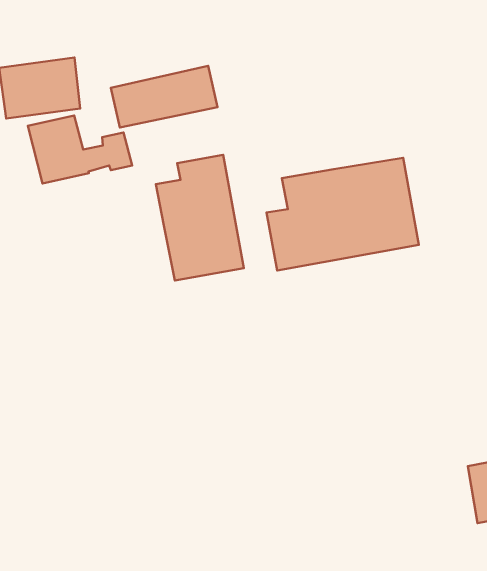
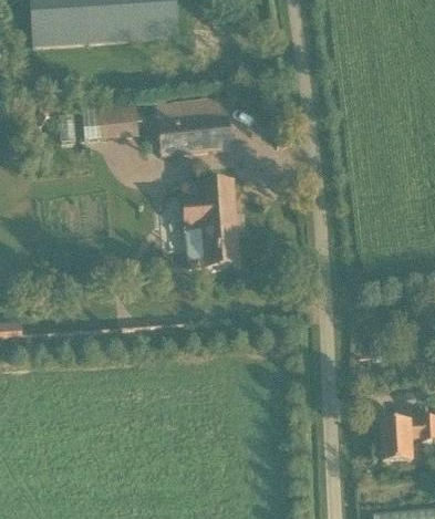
building: [28,115,132,184] -> none
building: [267,158,419,271] -> none

